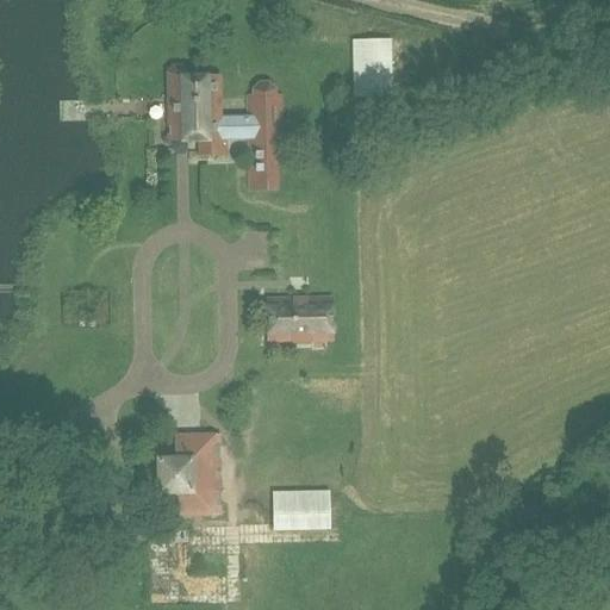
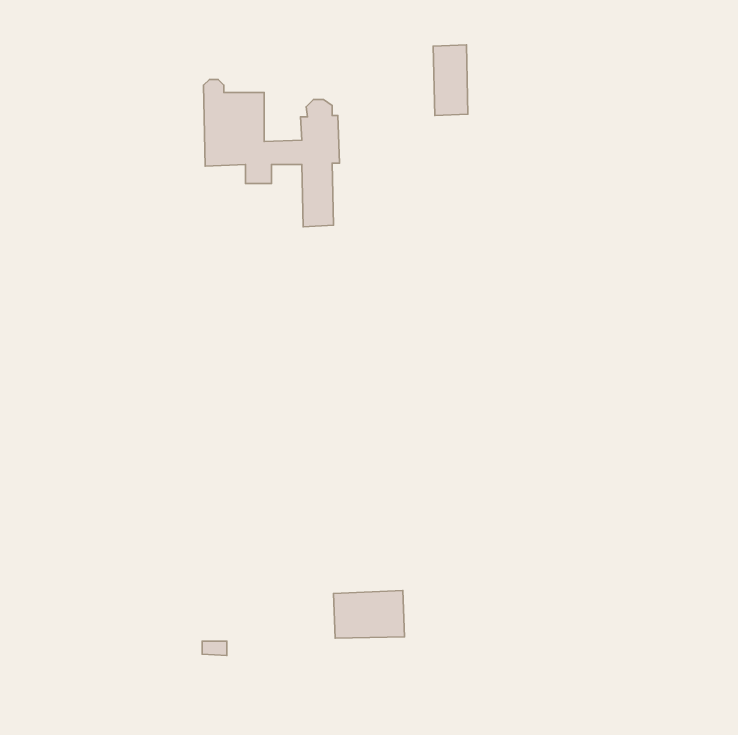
building: [268,297,330,338] -> none
building: [157,434,219,513] -> none

